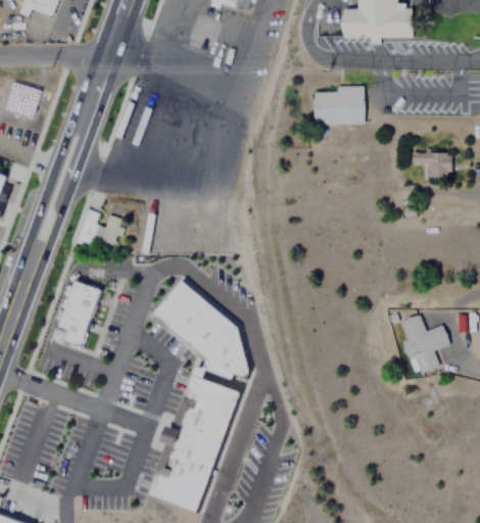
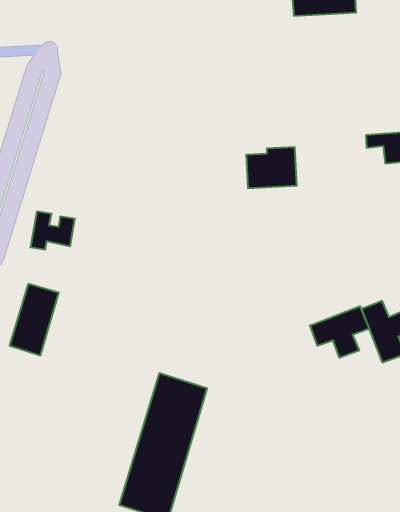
building: [315,86,363,124] -> [246,147,297,188]
building: [156,278,244,391] -> none
building: none -> [310,306,369,358]

